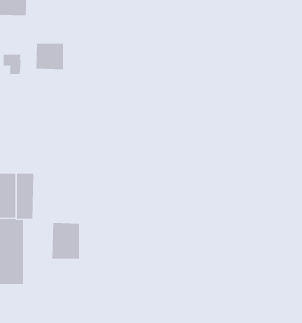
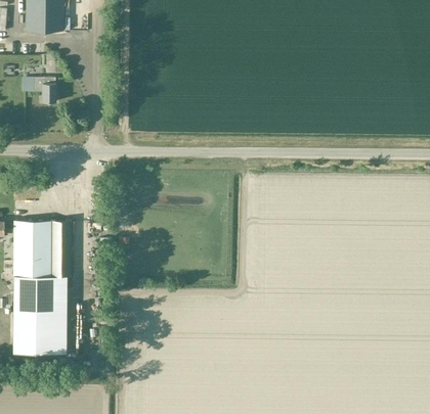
building: [36,43,64,70] -> none
building: [52,222,80,259] -> none

